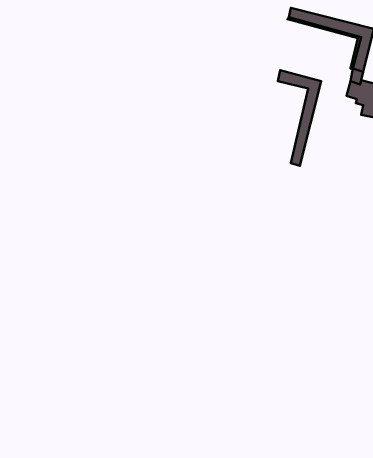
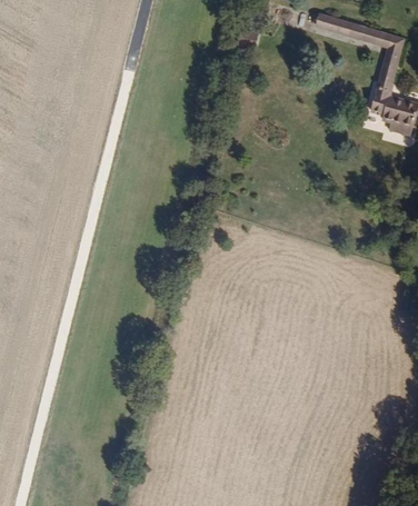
building: [278,70,321,166] -> none

